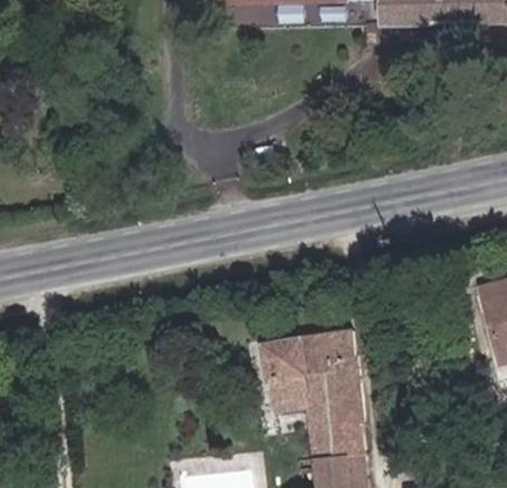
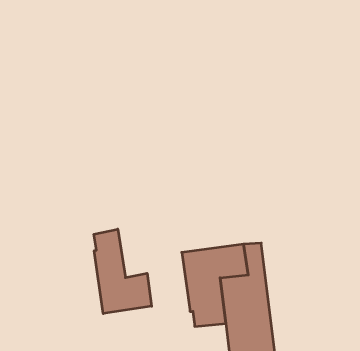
building: none -> [94,229,152,314]

